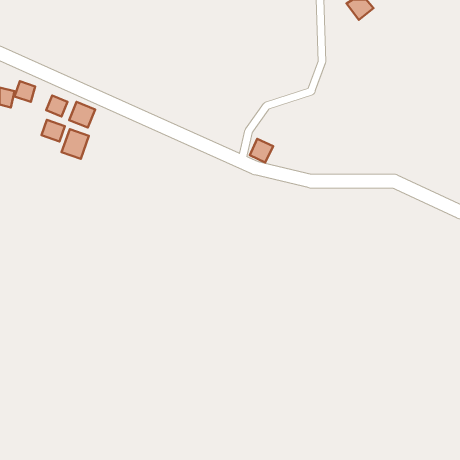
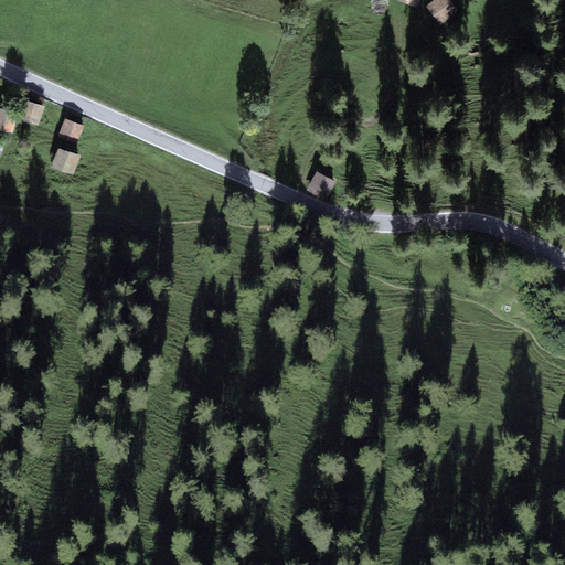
building: [69,102,95,128] -> none
building: [62,129,89,159] -> none

